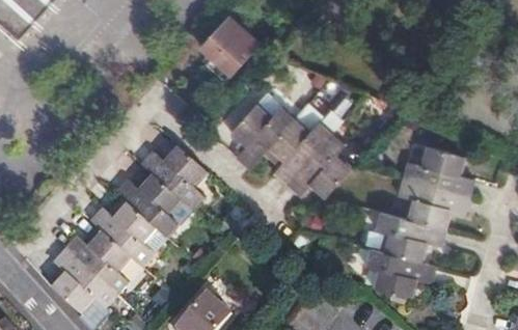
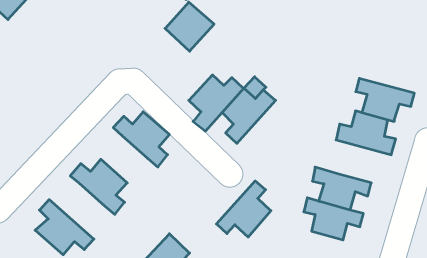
building: [287,133,351,199] -> [216,181,271,237]
building: [114,174,181,240] -> none
building: [400,180,469,230] -> [356,78,414,121]
building: [64,230,130,297] -> none

